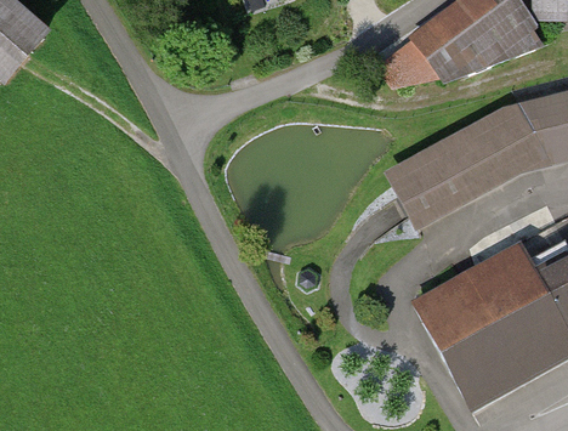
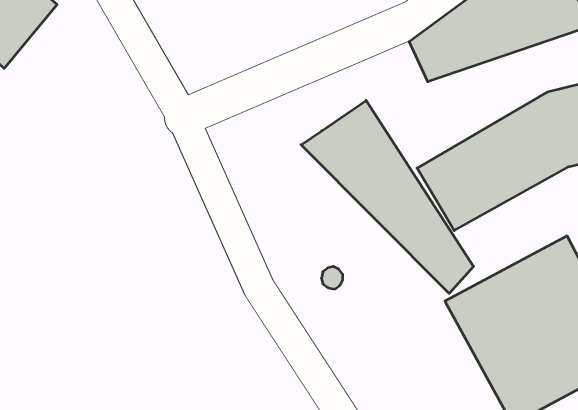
building: none -> [301,100,474,293]

